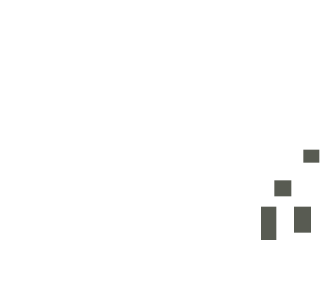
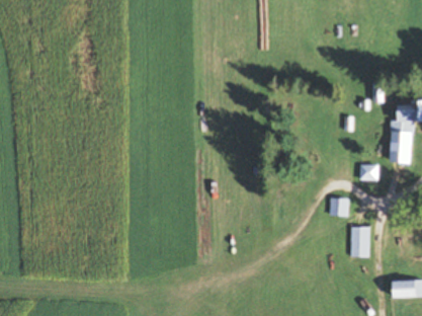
building: [260,206,277,241] -> none

